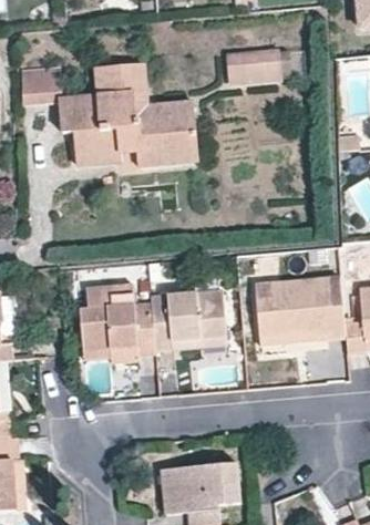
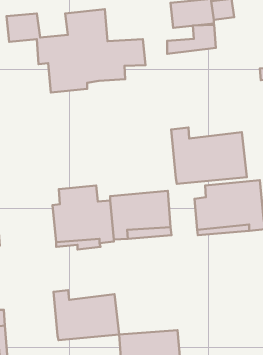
building: [136,132,197,168] -> [167,25,216,54]
building: none -> [171,127,247,184]
building: none -> [53,290,119,340]

